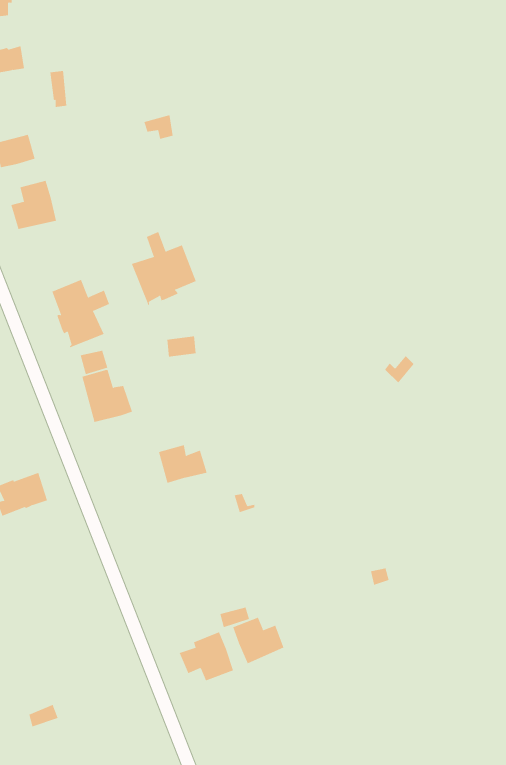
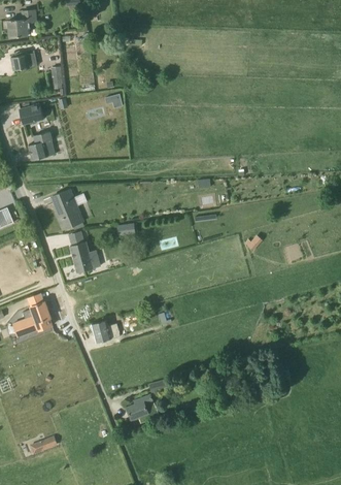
building: [131,231,196,307] -> none
building: [158,445,208,484] -> [91,320,120,343]
building: [232,617,284,664] -> none

